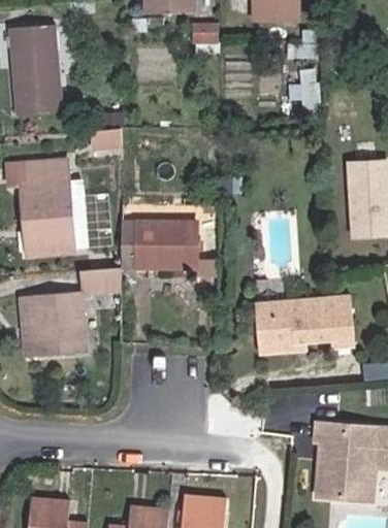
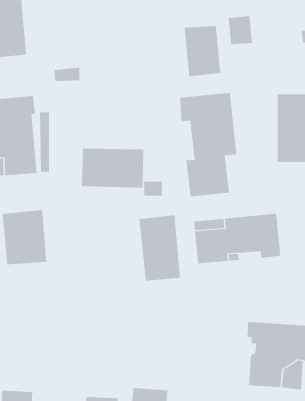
building: none -> [184,25,221,77]
building: none -> [179,92,237,197]
building: [80,267,118,292] -> none
building: none -> [139,215,181,282]

